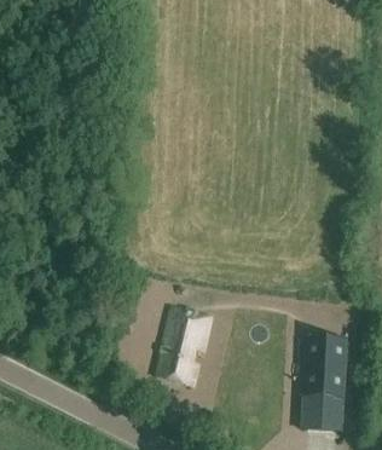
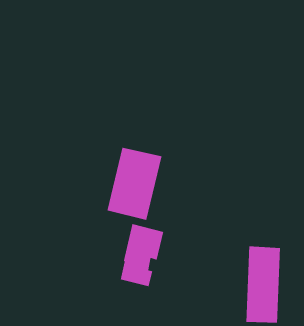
building: none -> [107,147,162,221]

